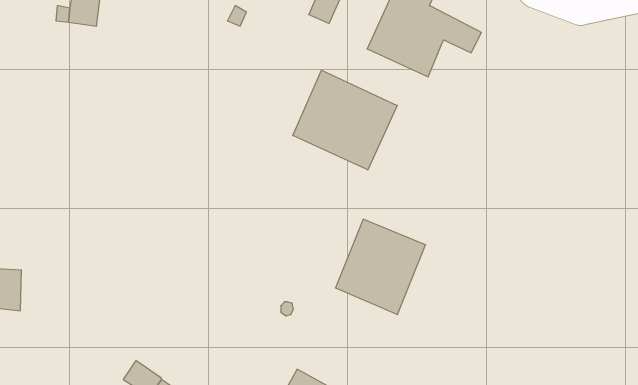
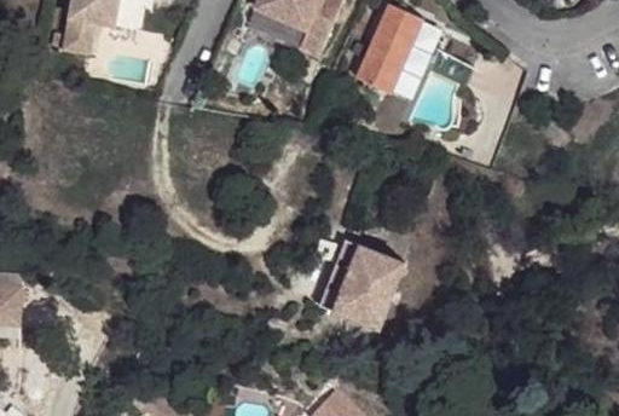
building: [293,70,397,170] -> none

